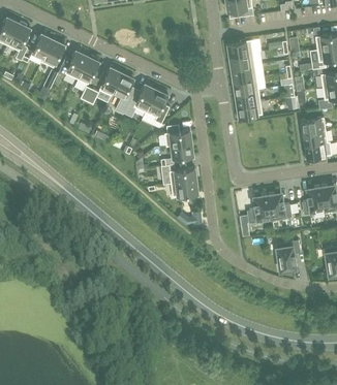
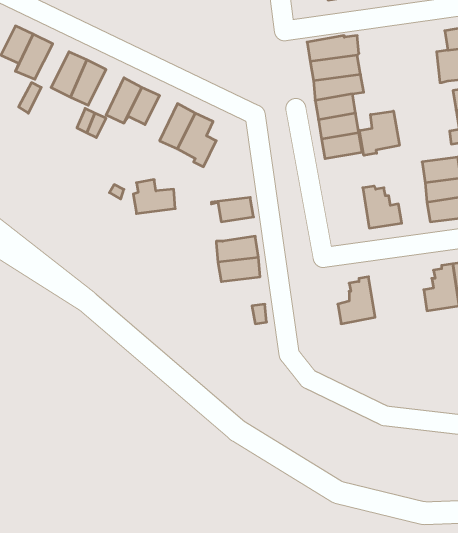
building: none -> [360,111,399,155]
building: [164,124,191,146] -> [133,180,175,214]
building: [267,192,292,219] -> [363,186,402,228]
building: [276,239,300,270] -> none

